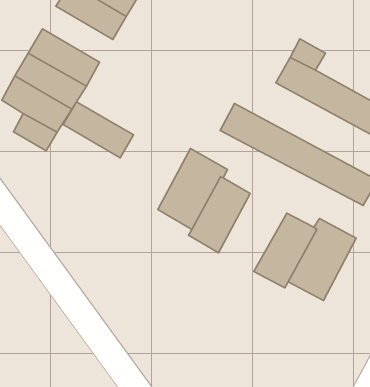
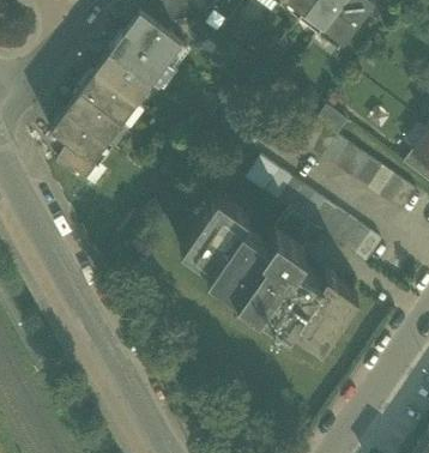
building: [63,102,134,158] -> [96,48,158,103]
building: none -> [231,225,304,310]

